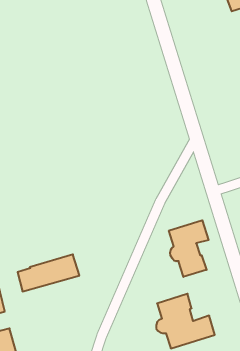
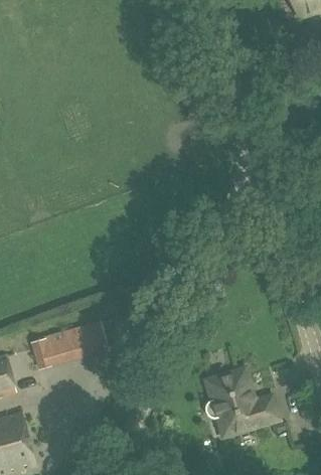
building: [169,220,209,277] -> none

